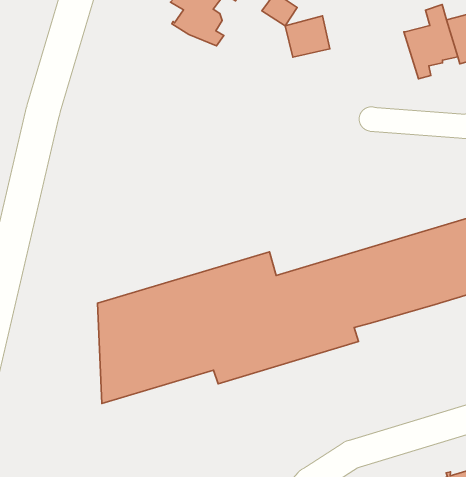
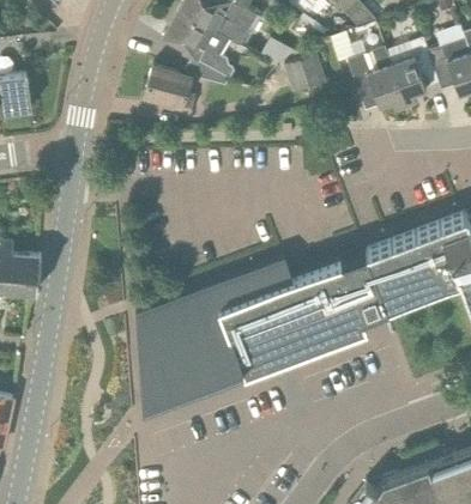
building: none -> [346,44,405,109]
building: none -> [143,63,194,113]

